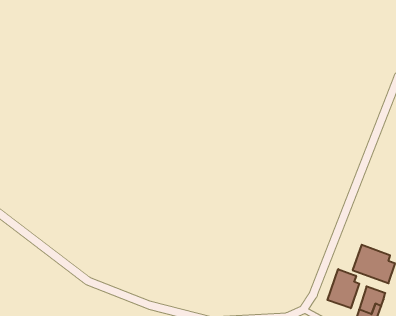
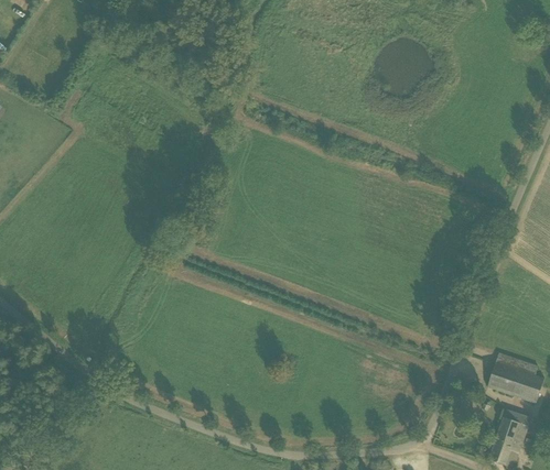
building: [327,269,359,308] -> none

